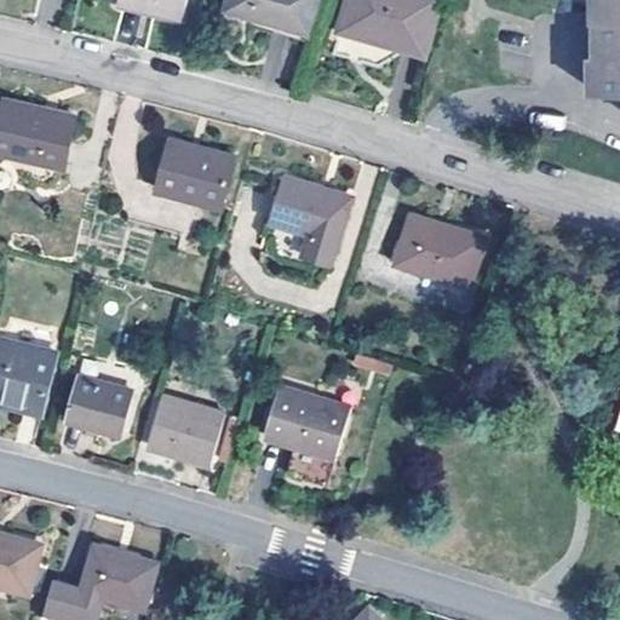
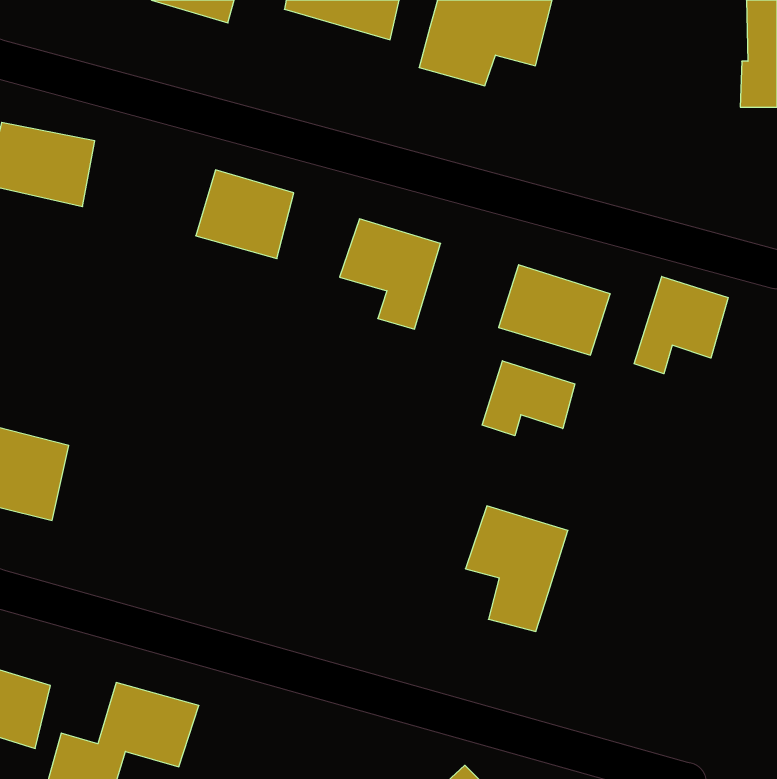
building: none -> [634,276,728,374]
building: none -> [482,361,575,436]
building: [64,377,133,436] -> none
building: [266,388,348,487] -> [465,506,568,631]
building: [148,396,224,466] -> none

